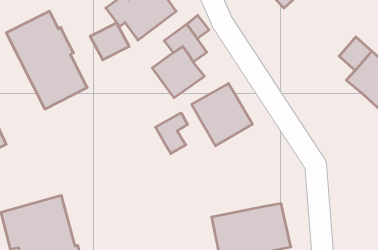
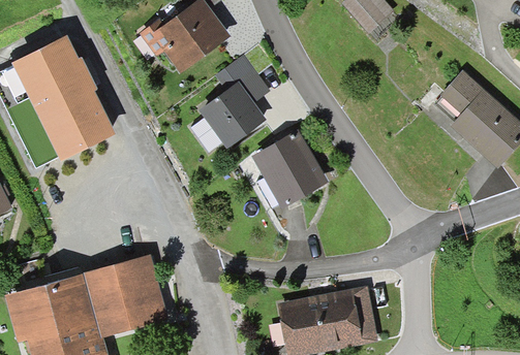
building: [90,23,129,60] -> none
building: [155,113,188,154] -> none
building: none -> [83,256,170,340]

